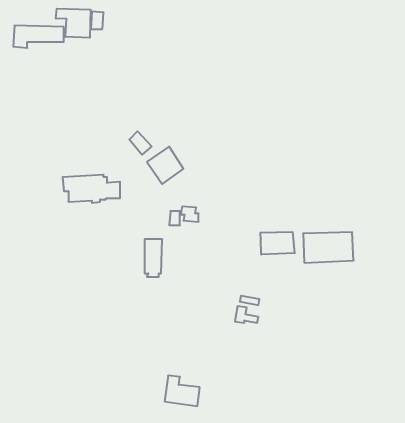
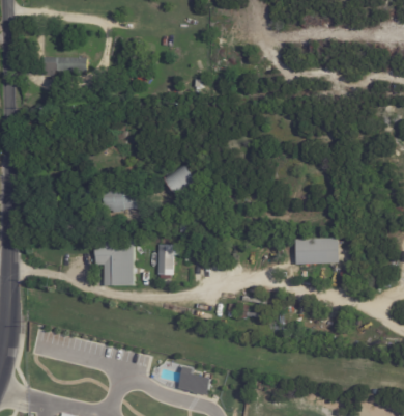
building: [56,9,91,38] -> none
building: [260,232,295,255] -> none
building: none -> [95,239,134,285]

